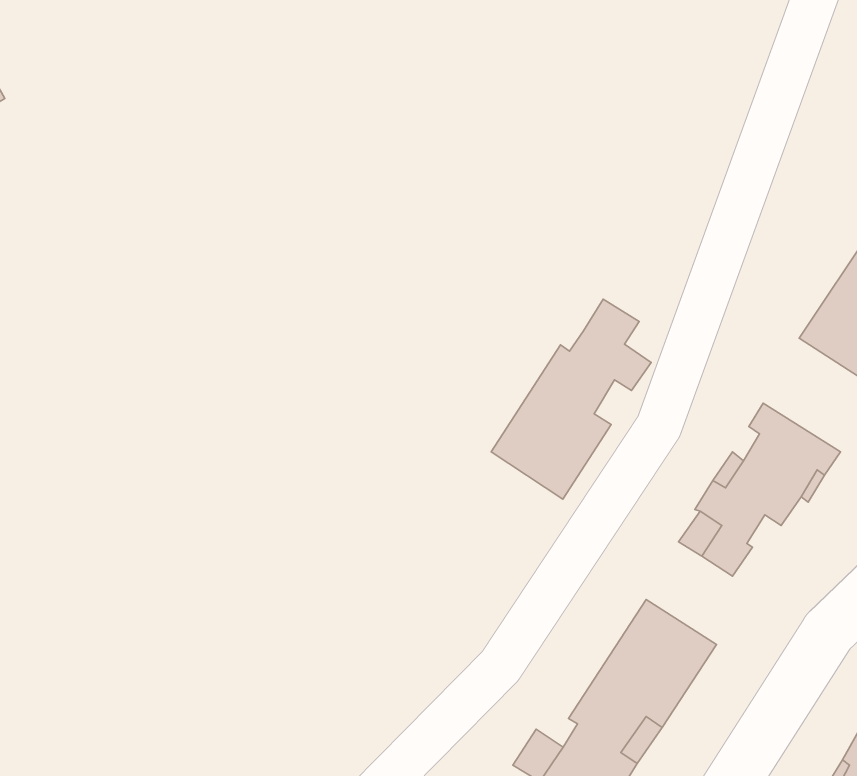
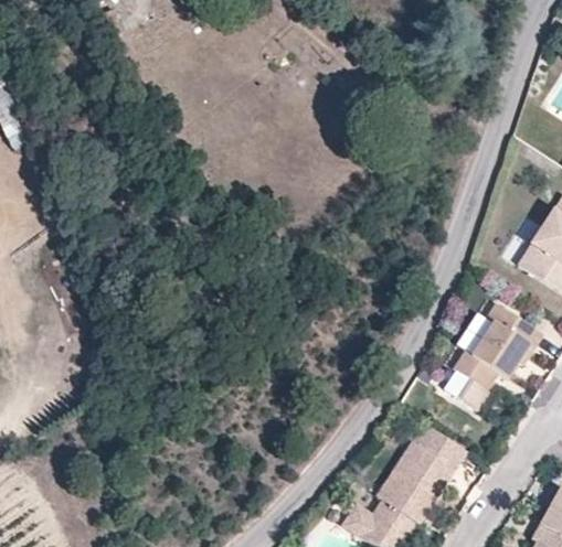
building: [491,299,651,499] -> none

